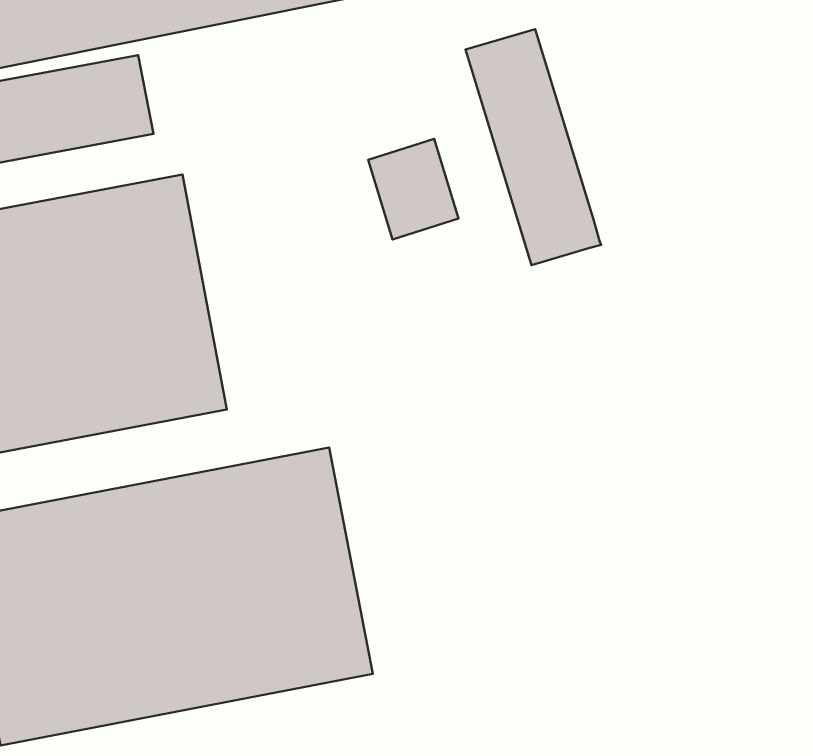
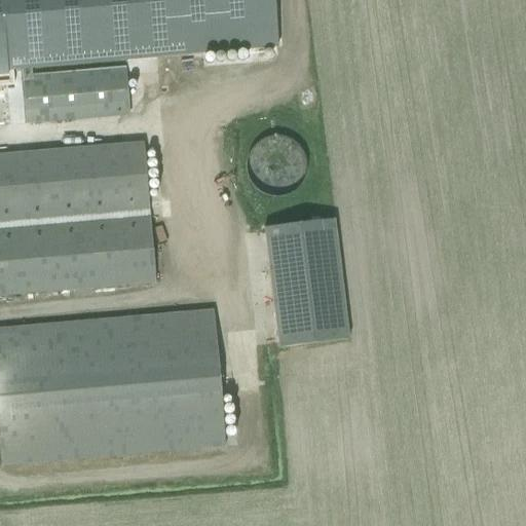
building: [466,29,601,265] -> none
building: none -> [263,218,348,347]

